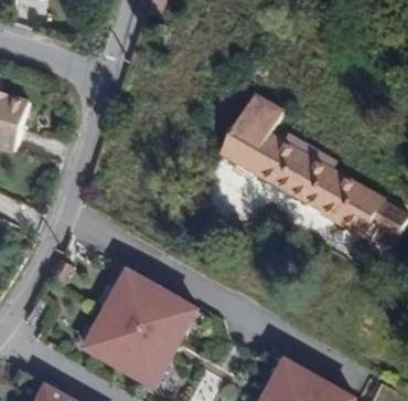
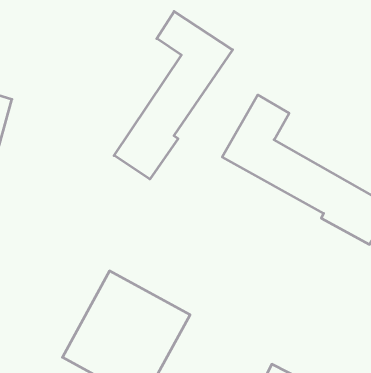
building: none -> [114,11,233,179]

